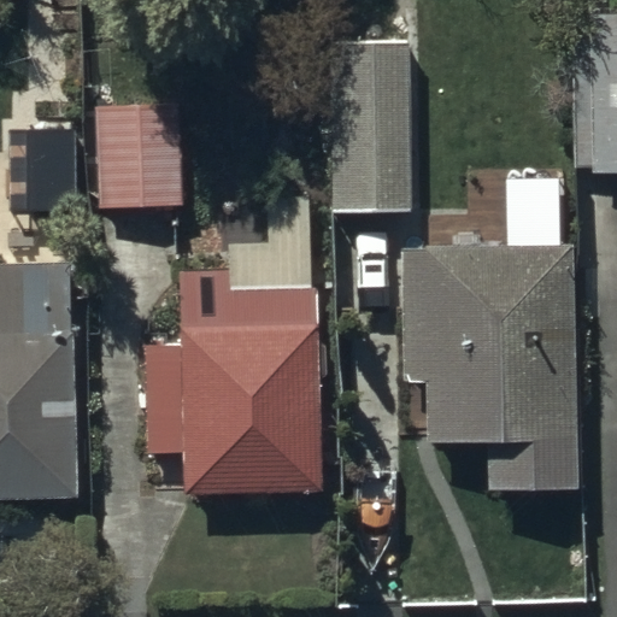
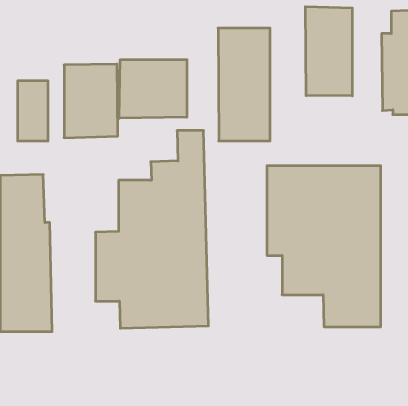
building: none -> [305,7,352,96]
building: none -> [119,60,187,118]

